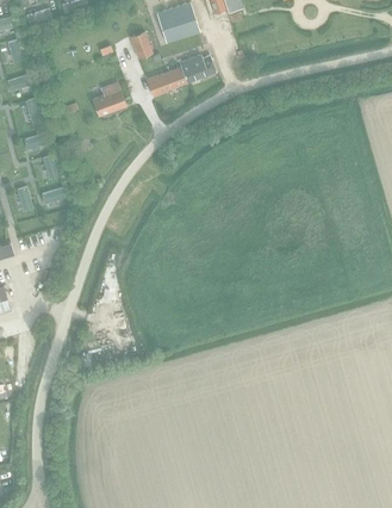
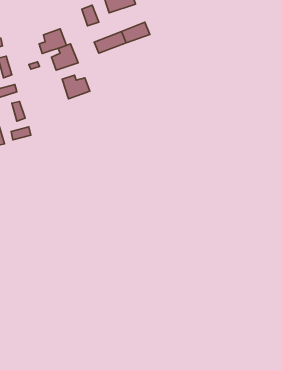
building: none -> [39,29,66,53]
building: none -> [62,75,90,99]

